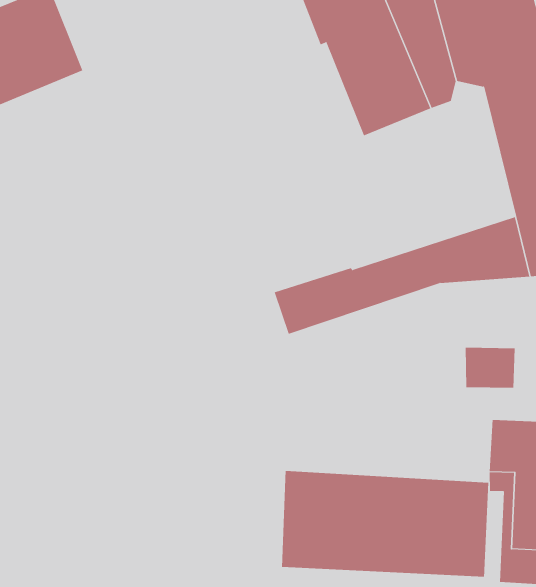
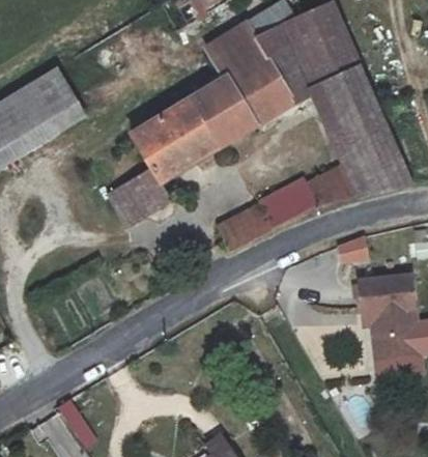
building: none -> [109,75,256,226]
building: [281,470,489,578] -> none

